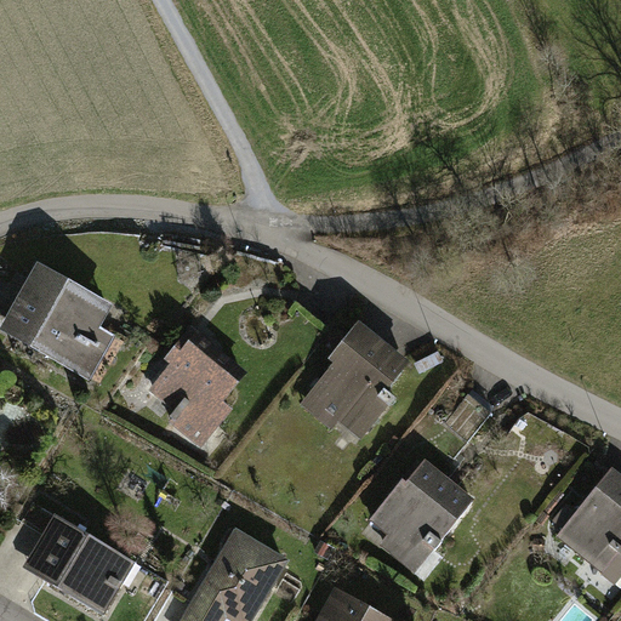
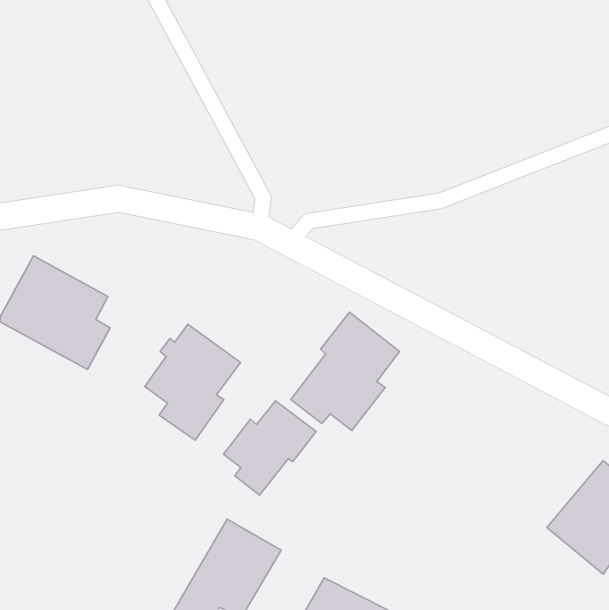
building: none -> [223,401,316,495]
building: [368,461,471,579] -> none
building: [22,514,135,615] -> none

